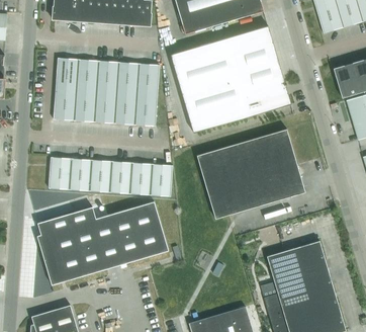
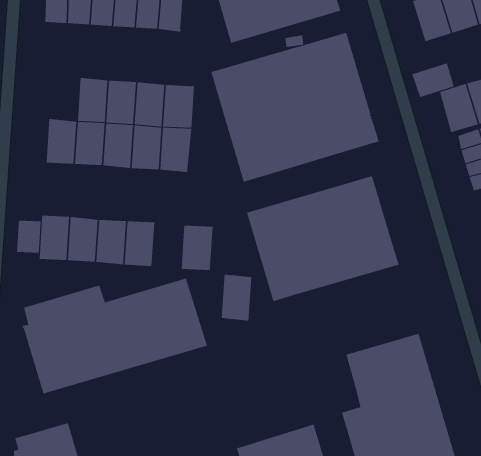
building: none -> [411,63,454,98]
building: [56,58,78,90] -> none
building: none -> [16,220,41,253]
building: [129,162,152,195] -> [221,274,252,321]

